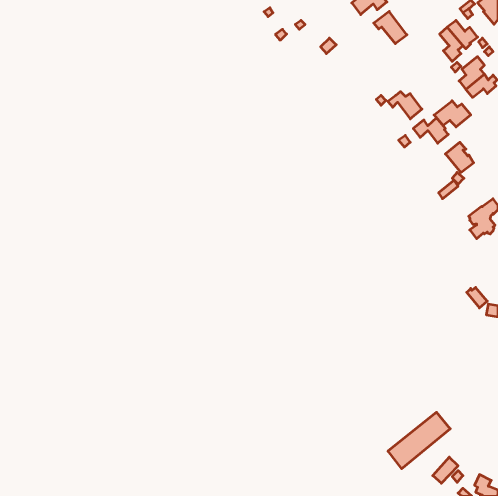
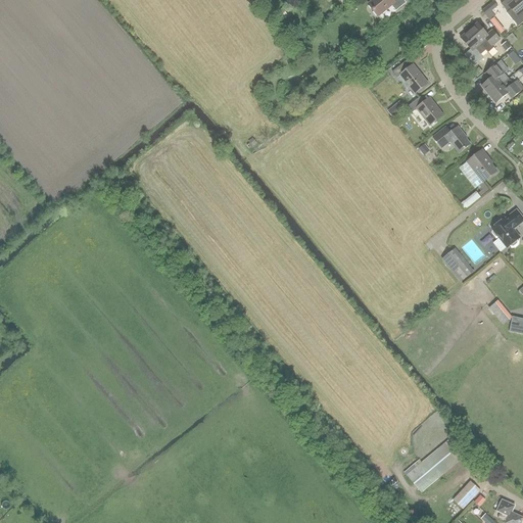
building: [374,11,407,44] -> [392,58,427,92]
building: [434,101,471,127] -> none
building: none -> [442,247,473,280]

